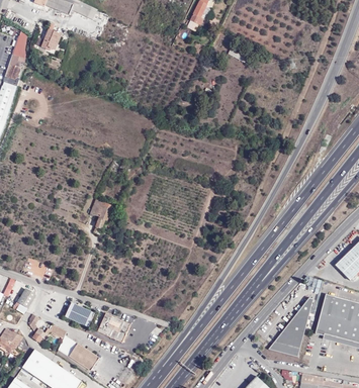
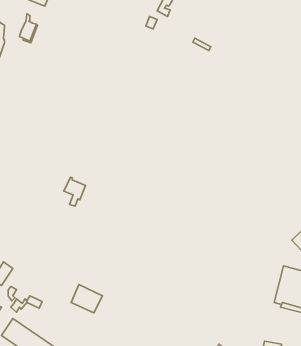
building: [267,296,312,355] -> none
building: [69,302,98,326] -> none
building: [69,343,99,370] -> none

